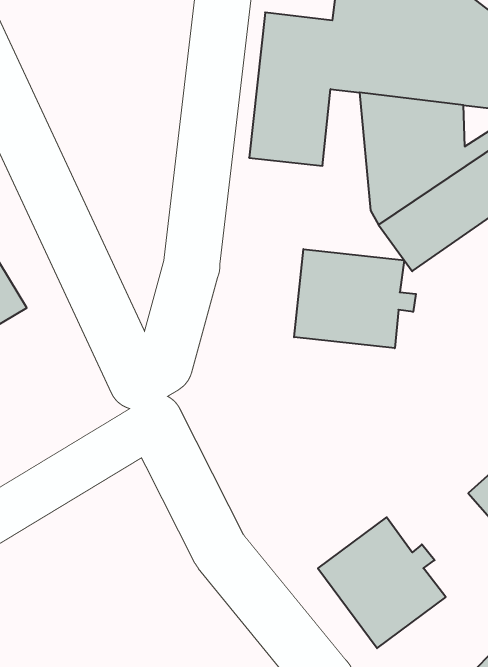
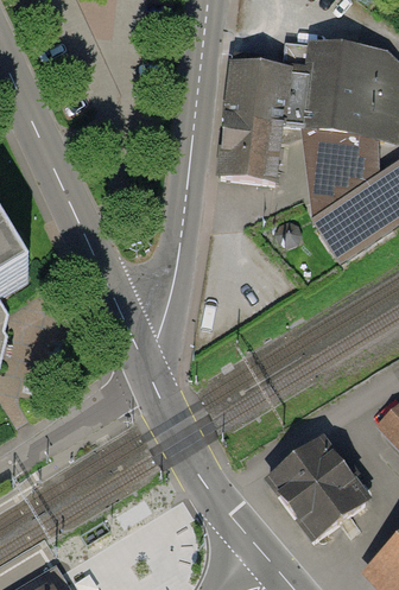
building: [294,249,416,348] -> none

